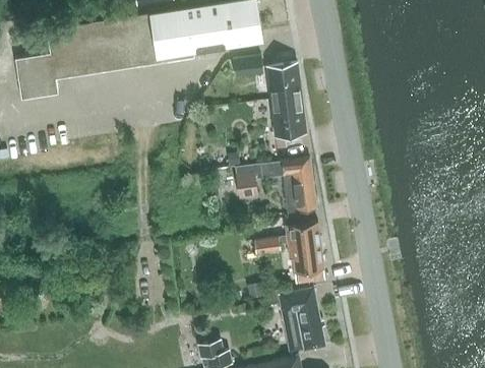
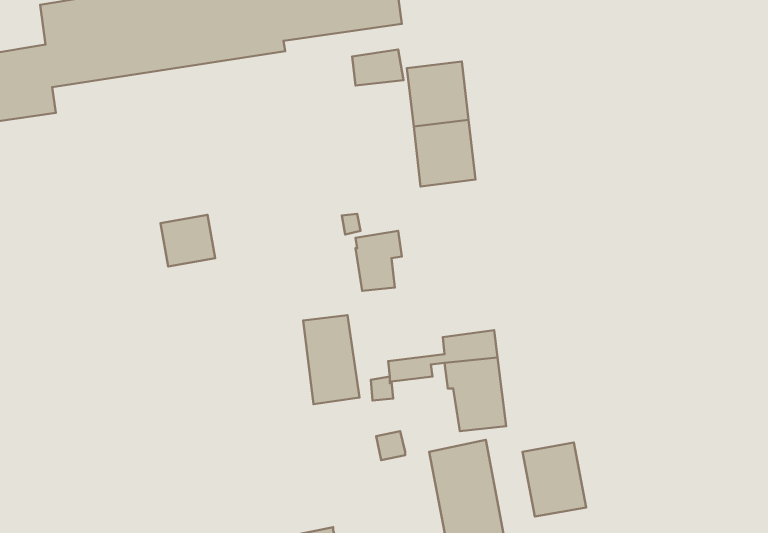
building: none -> [161,215,215,267]
building: [283,160,316,212] -> [303,315,360,404]
building: none -> [522,443,586,517]

